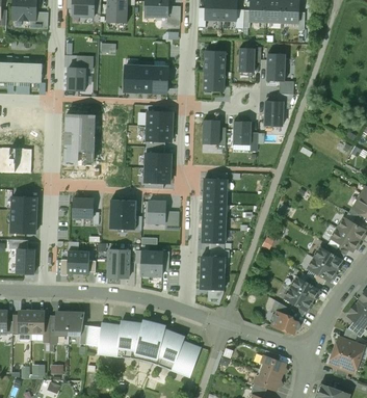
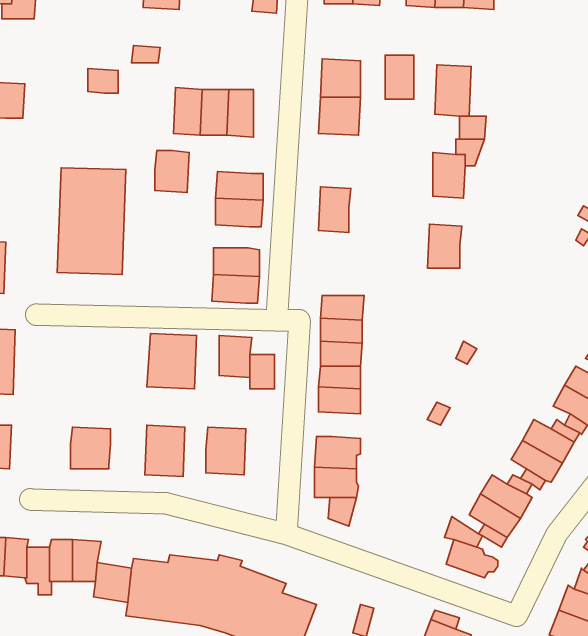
building: [68,68,86,90] -> [155,150,189,192]
building: [233,121,252,144] -> [427,224,462,268]
building: [73,197,94,218] -> none

